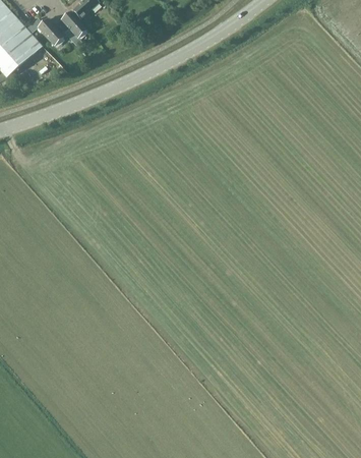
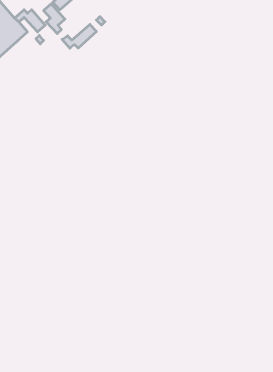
building: none -> [62,24,96,48]

